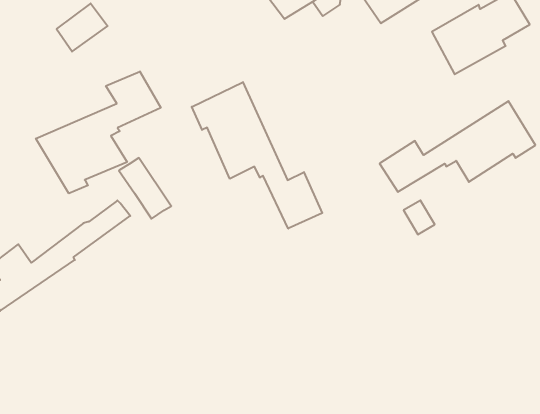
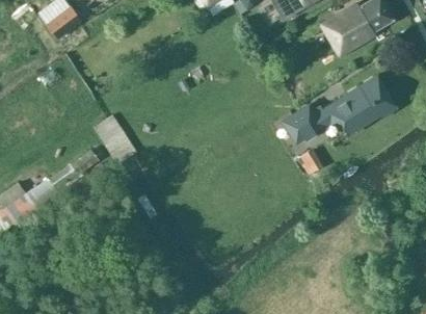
building: [36,71,161,193] -> none
building: [192,82,322,229] -> none

